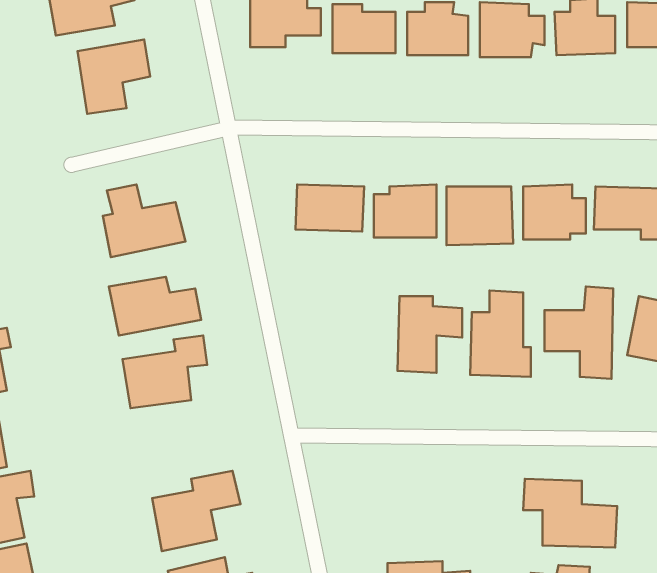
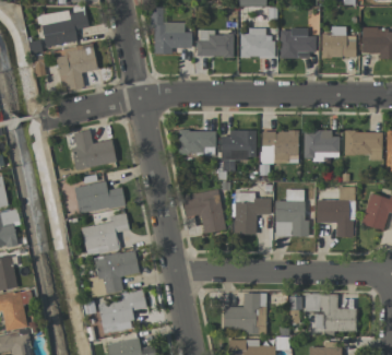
building: none -> [182,189,225,234]
building: none -> [94,251,140,294]
building: none -> [223,293,266,335]

